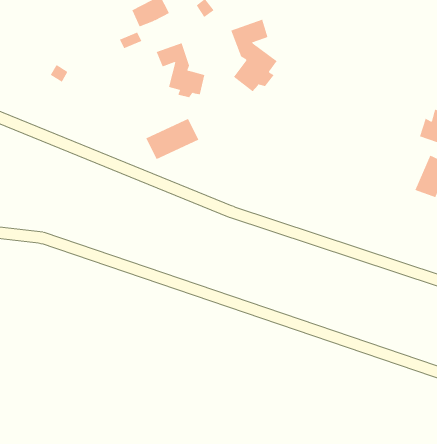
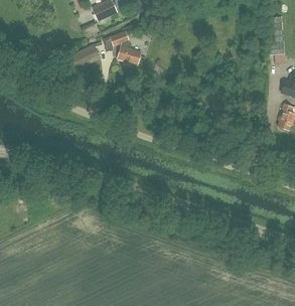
building: [231,19,278,92] -> none
building: [145,118,199,160] -> [65,44,101,71]

